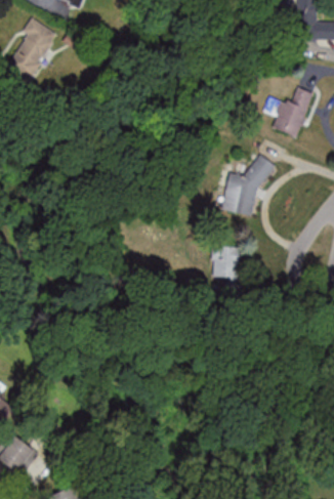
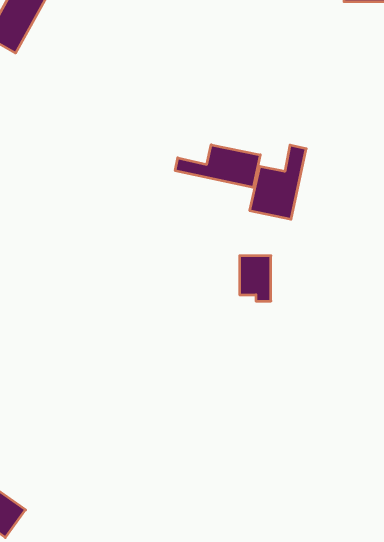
building: [265,87,314,136] -> none
building: none -> [175,145,260,187]

